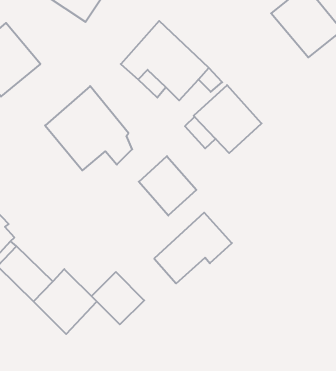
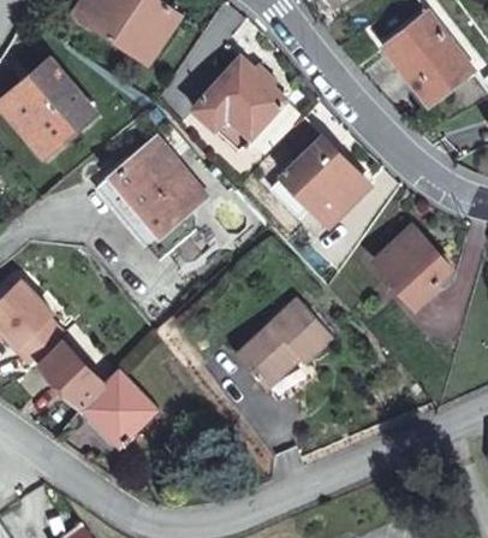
building: none -> [375,225,450,305]
building: [139,156,196,216] -> none
building: [91,272,144,324] -> none

